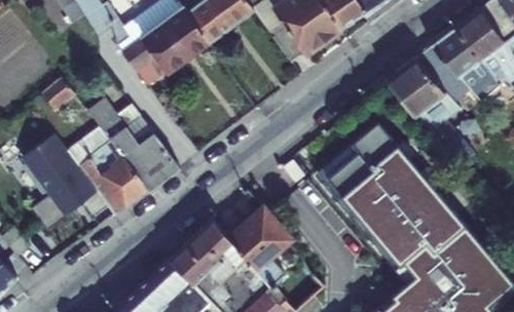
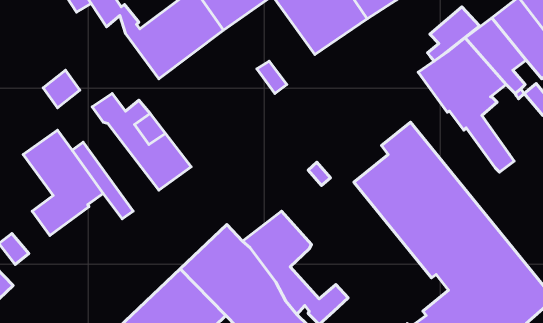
building: none -> [428,7,480,61]
building: [78,125,148,206] -> none

